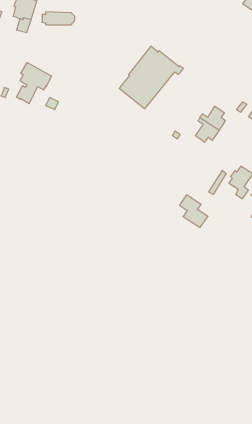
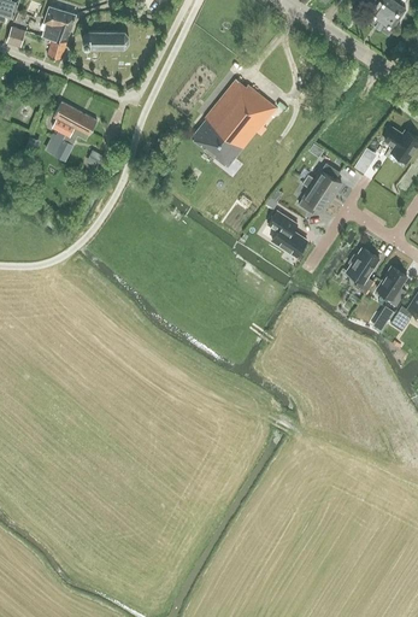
building: [180,195,208,228] -> [267,210,307,255]

